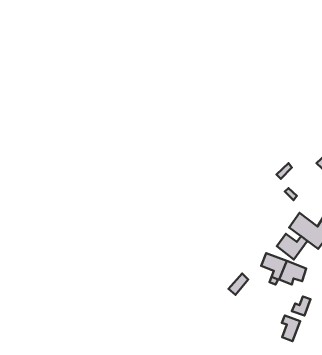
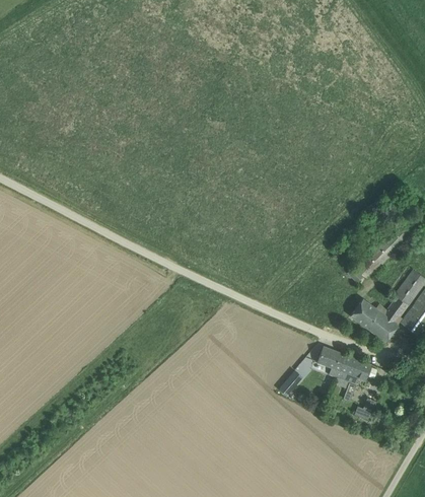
building: [277,234,307,260] -> none
building: [282,316,300,341] -> none

